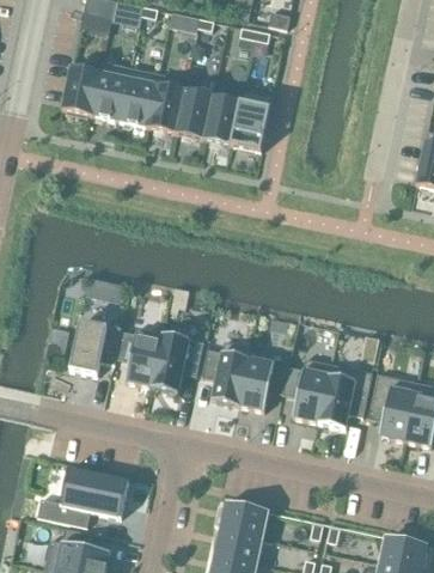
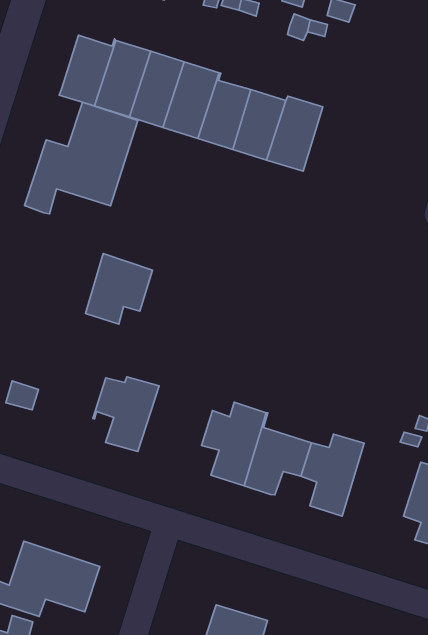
building: none -> [25,102,138,214]
building: [69,322,120,377] -> [85,253,153,324]
building: [151,334,203,394] -> none
building: [318,364,372,429] -> none

